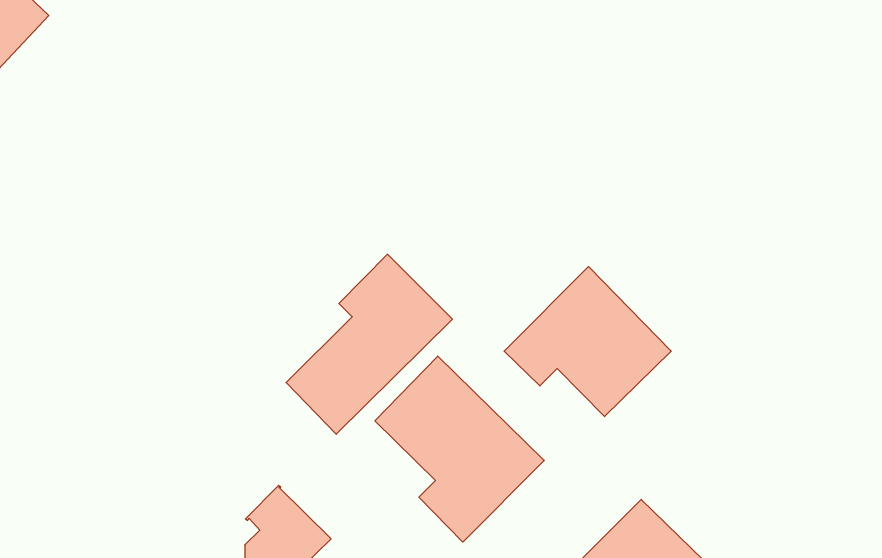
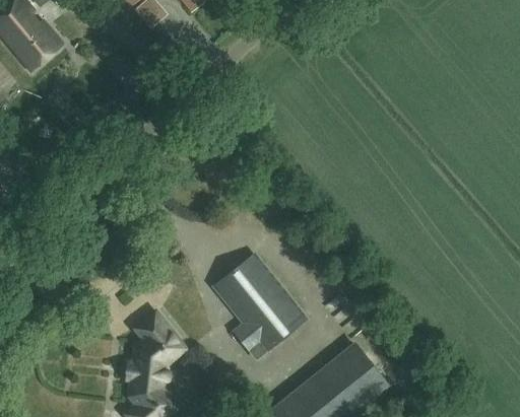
building: [286,254,452,434] -> none
building: [504,267,671,417] -> none

